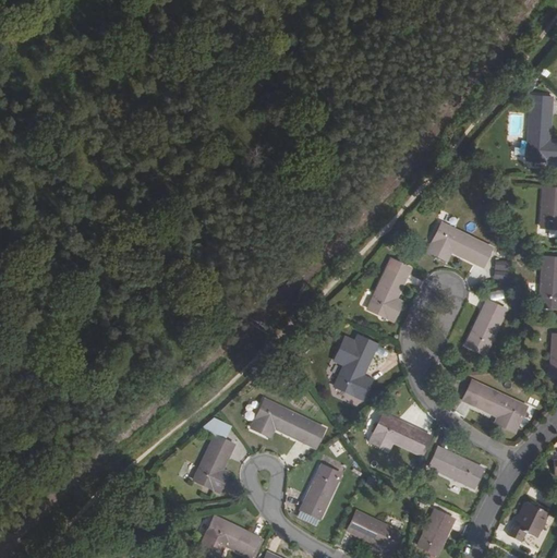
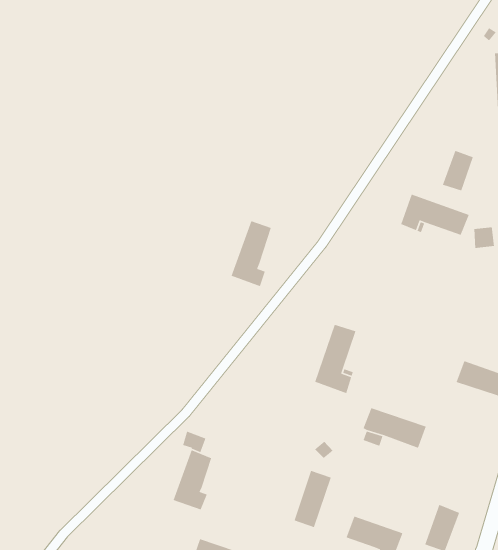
building: none -> [442,150,474,192]
building: [367,258,410,320] -> [230,220,272,287]
building: [464,300,506,353] -> none
building: [251,398,315,441] -> none
building: [428,447,482,487] -> none

